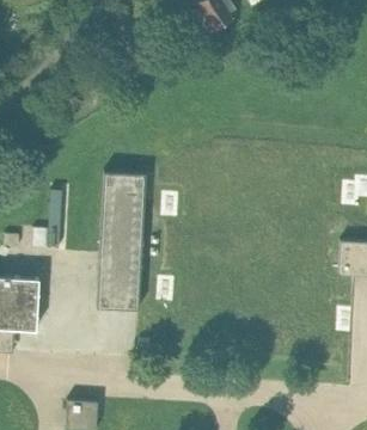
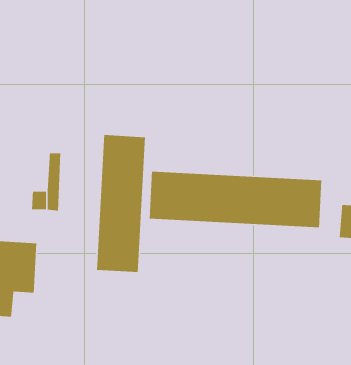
building: none -> [149,171,322,228]

